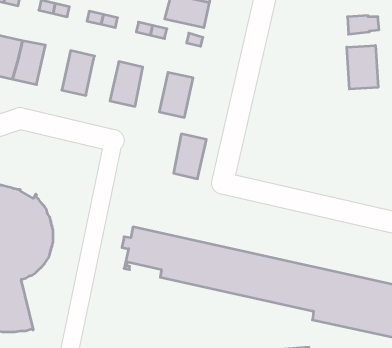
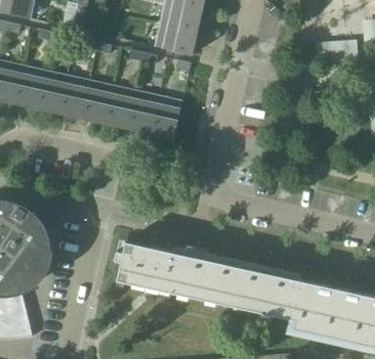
building: none -> [35,72,67,114]
building: [347,45,378,89] -> none
building: none -> [81,82,112,124]
building: [174,134,206,179] -> [127,92,158,134]

